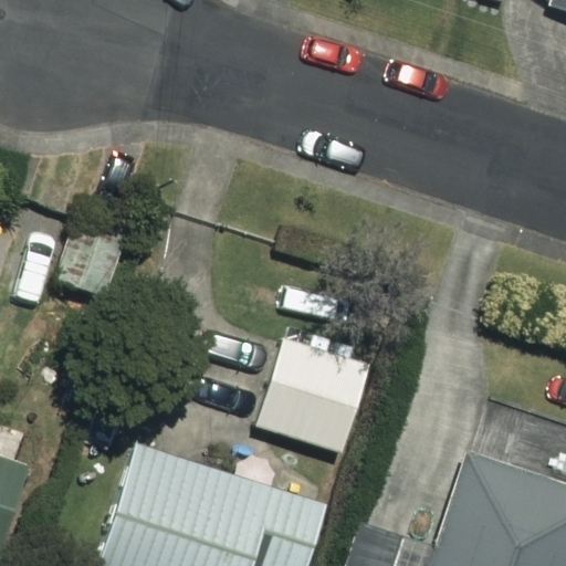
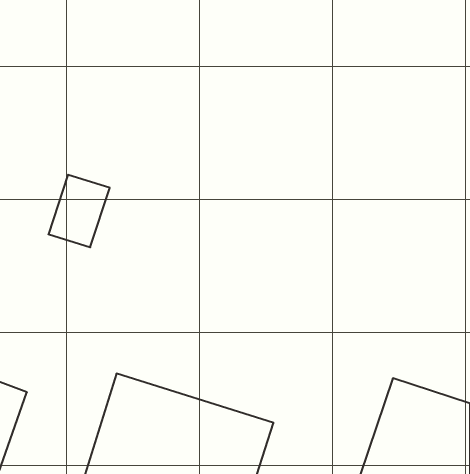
building: [256,338,370,453] -> none

